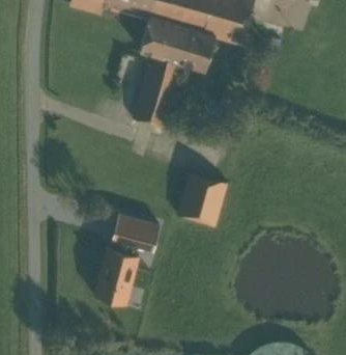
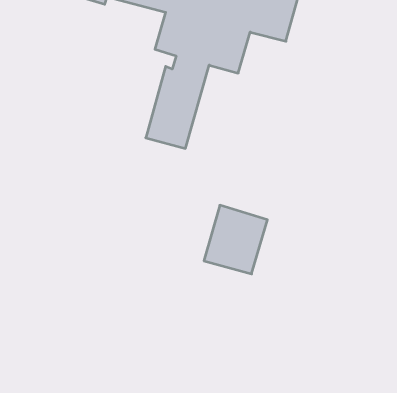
building: [95,217,161,307] -> none

